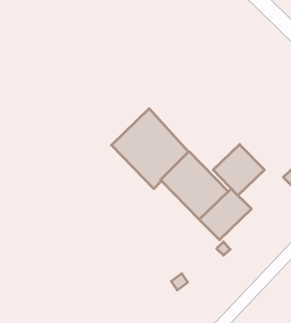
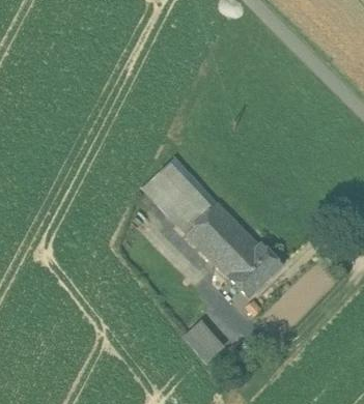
building: [213,144,264,195] -> none

